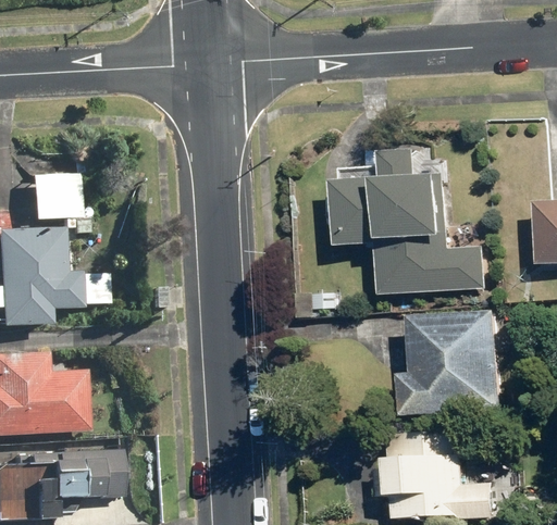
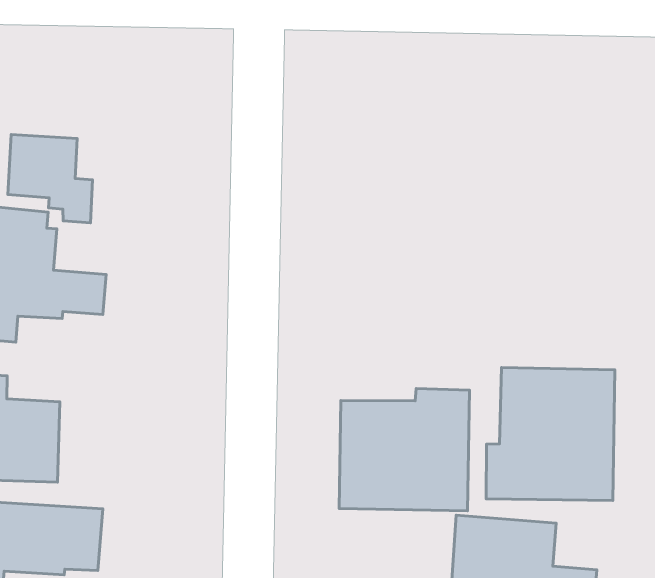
building: [327,149,484,295] -> none
building: none -> [339,389,470,511]

